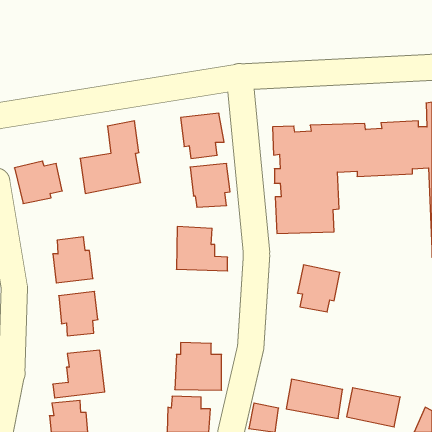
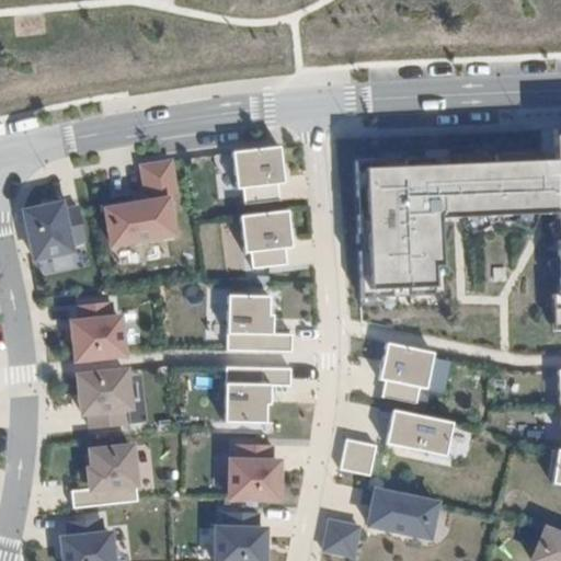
building: none -> [227,366,294,422]
building: none -> [340,437,376,473]
building: [347,388,400,427] -> [388,409,457,459]

